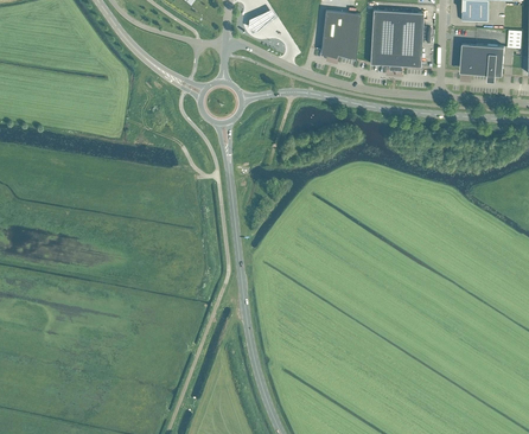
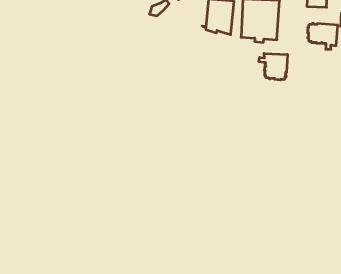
building: none -> [259,53,287,80]

